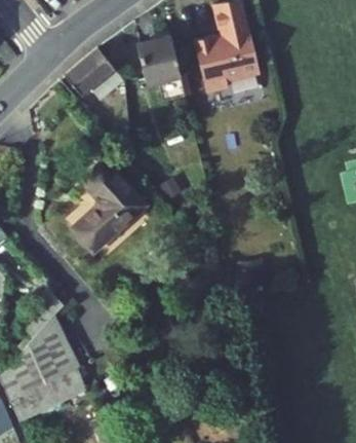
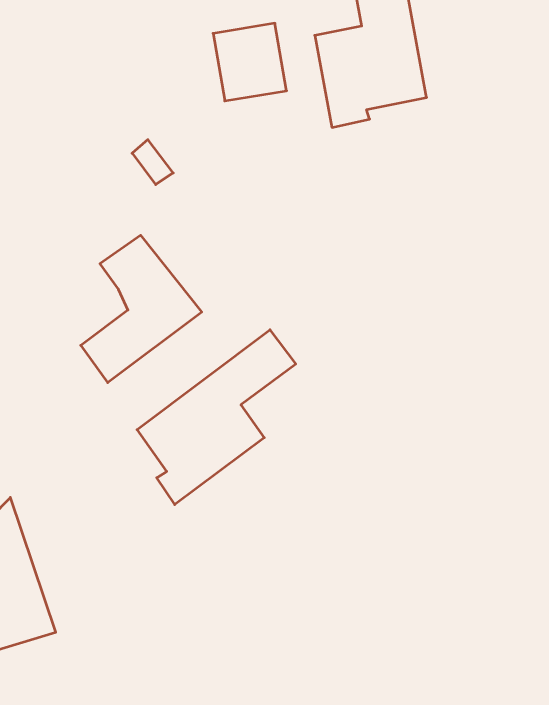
building: [68,48,120,96] -> none
building: none -> [137,330,296,505]

